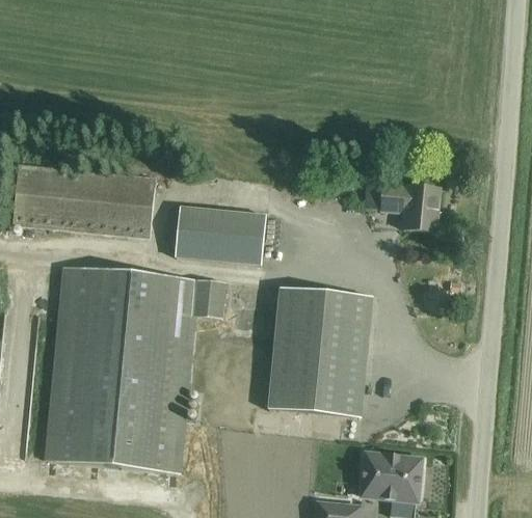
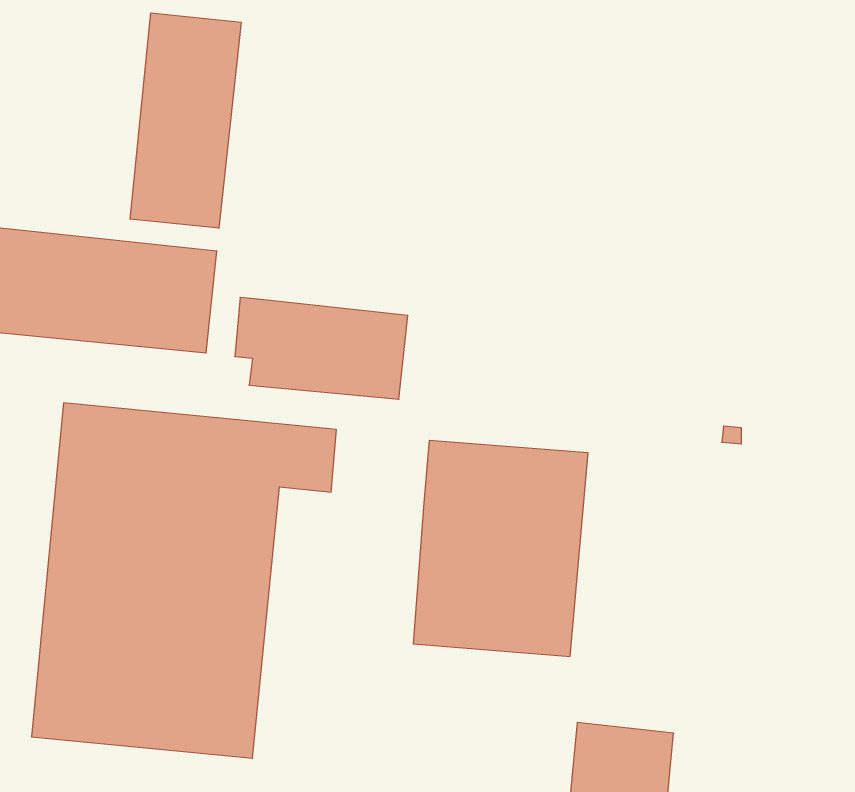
building: none -> [130,13,241,228]
building: [380,184,440,230] -> none

